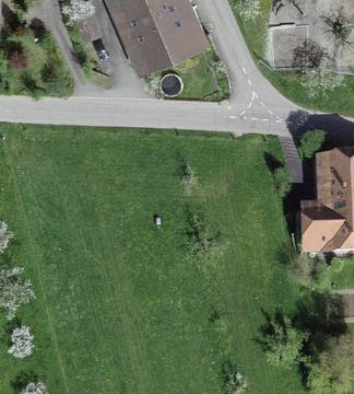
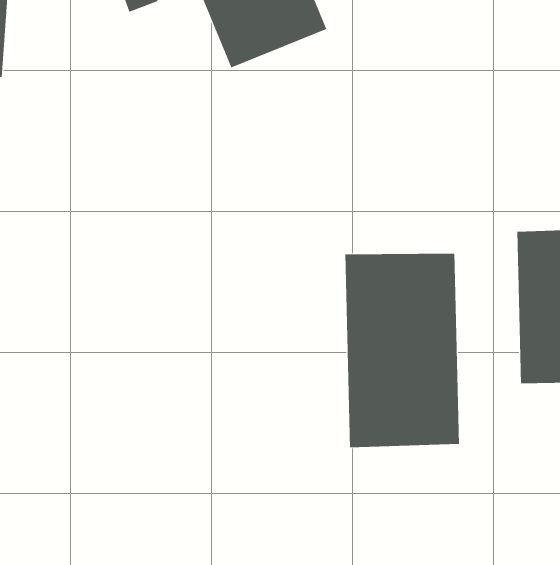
building: none -> [345,253,459,448]

